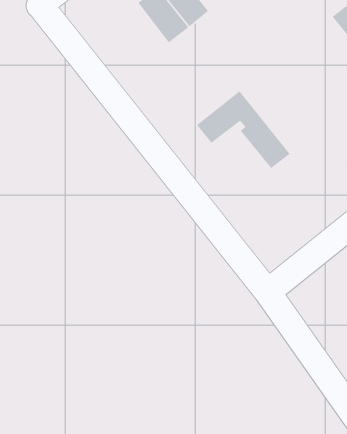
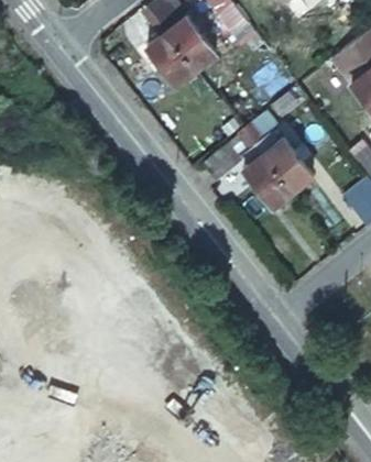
building: none -> [244,125,313,191]

